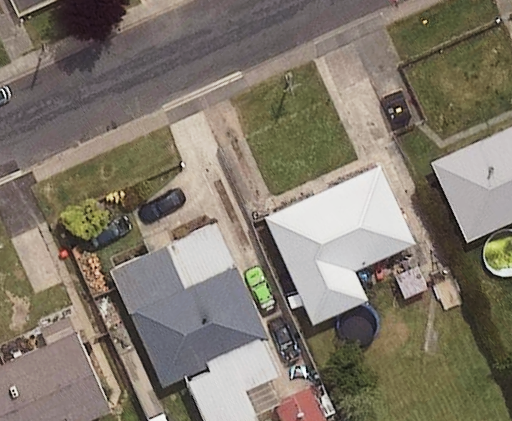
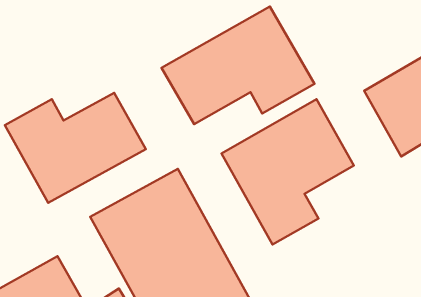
building: none -> [162,7,314,124]
building: none -> [5,93,146,203]

